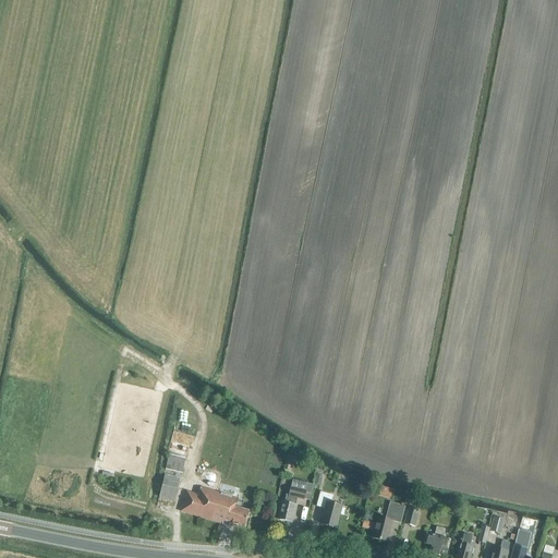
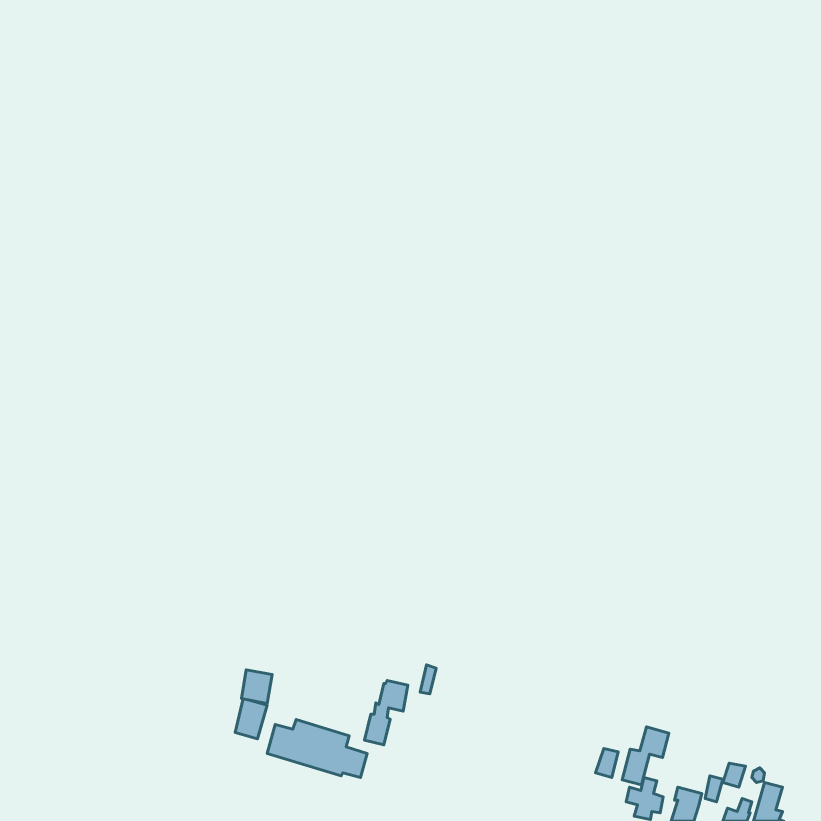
building: [279,478,308,522] -> [364,680,408,745]
building: [317,490,343,529] -> none
building: [374,501,405,541] -> [622,727,669,785]

